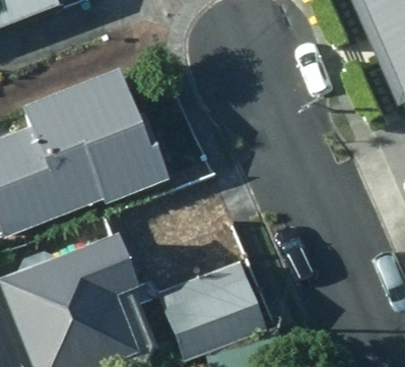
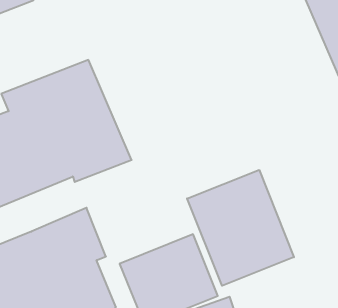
building: none -> [187,170,294,286]

